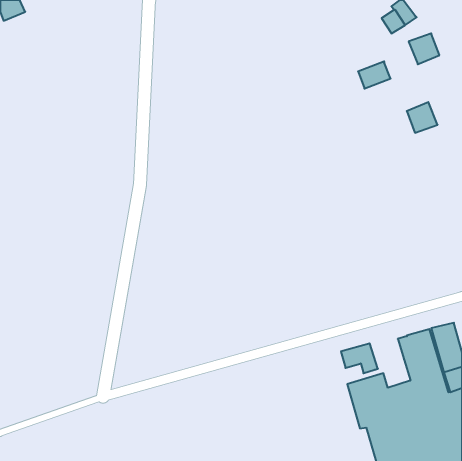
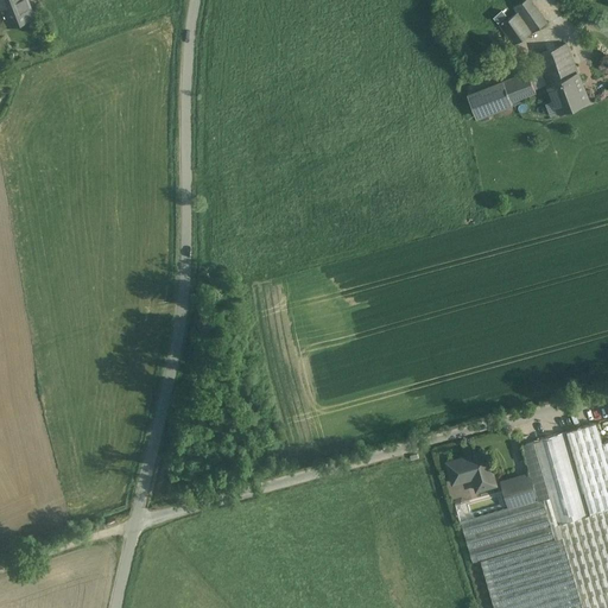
building: none -> [505,74,537,102]
building: [407,102,438,133] -> [549,74,589,114]
building: none -> [501,474,539,511]

